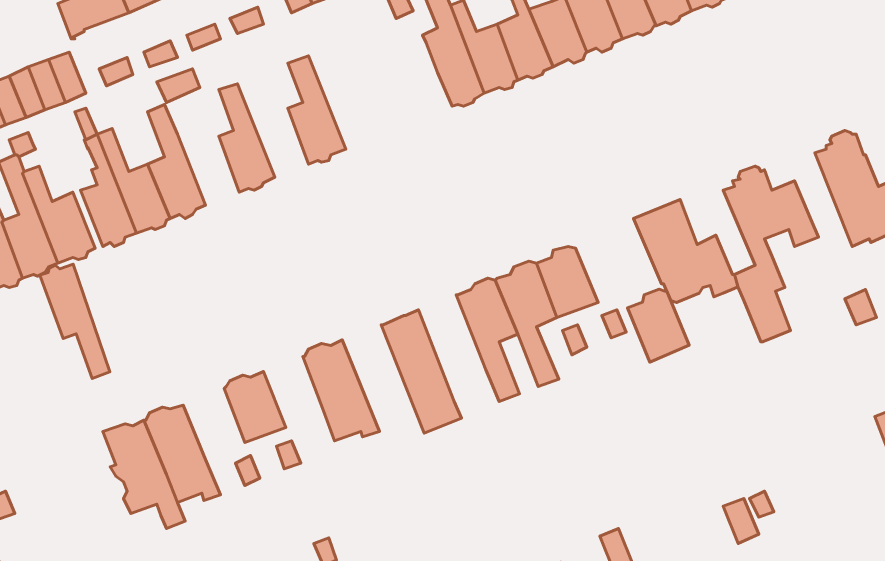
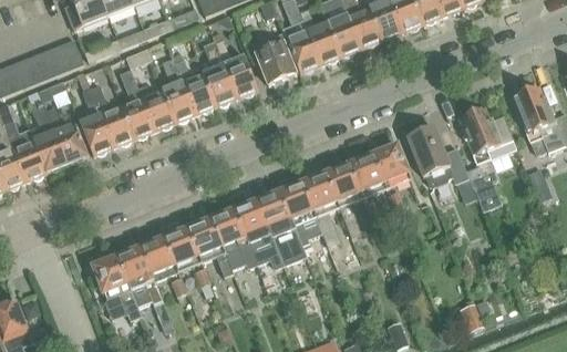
building: none -> [251,33,295,84]
building: none -> [214,38,256,96]
building: none -> [174,60,214,113]
building: none -> [136,84,173,130]
building: [40,264,110,378] -> none
building: [627,289,689,362] -> [372,144,409,187]
building: none -> [279,182,321,246]
building: none -> [234,200,282,268]
building: none -> [187,219,231,277]
building: none -> [140,238,176,280]

